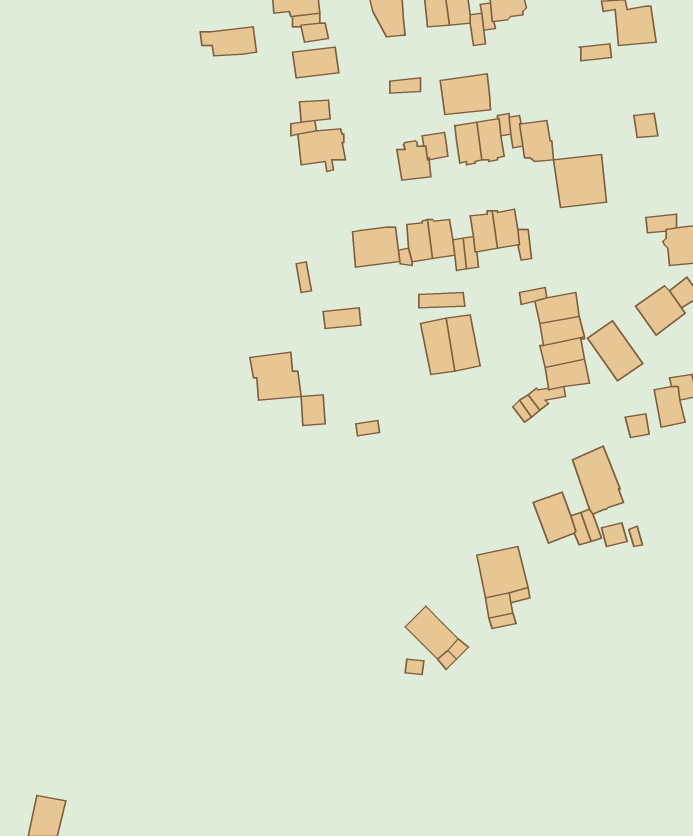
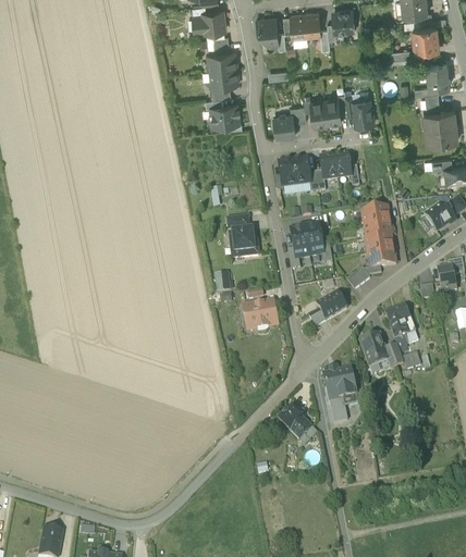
building: [200,27,256,56] -> [203,65,238,84]
building: none -> [427,61,449,85]
building: [440,74,491,115] -> none
building: [554,155,607,207] -> [424,108,457,141]
building: [353,227,400,267] -> none
building: [587,321,643,381] -> none
building: [250,352,301,400] -> [228,228,260,259]
building: none -> [309,292,346,325]
building: none -> [241,298,278,330]

